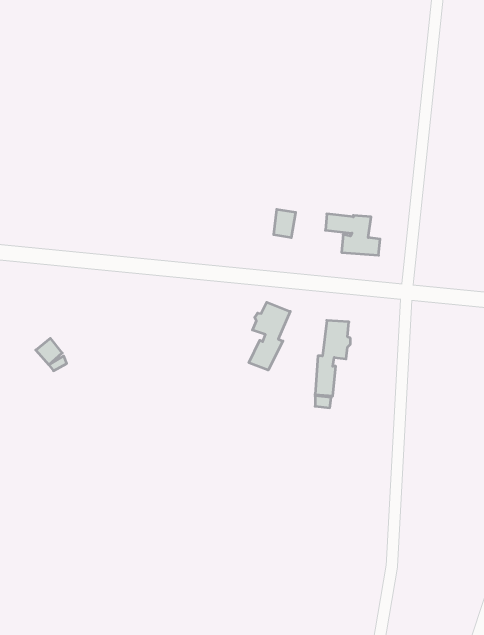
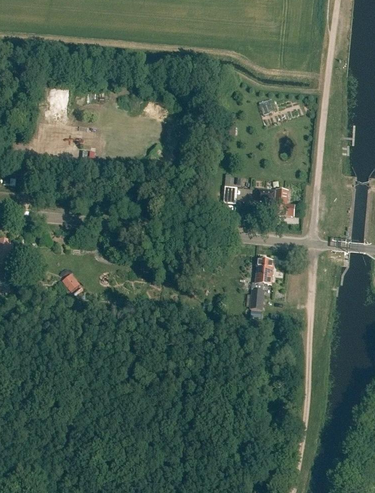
building: [249,302,290,370] -> none

